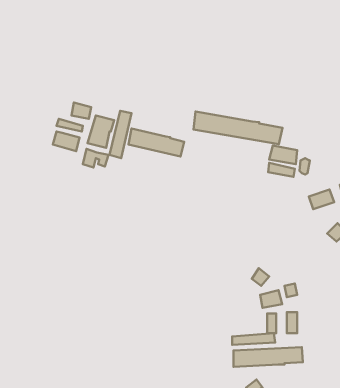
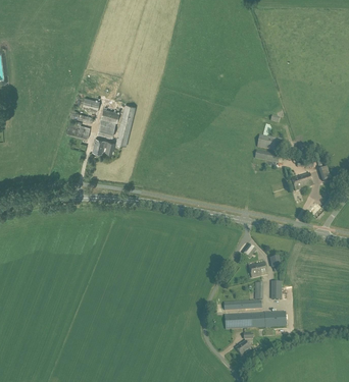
building: [193,111,282,144] -> none
building: [128,128,184,156] -> none

